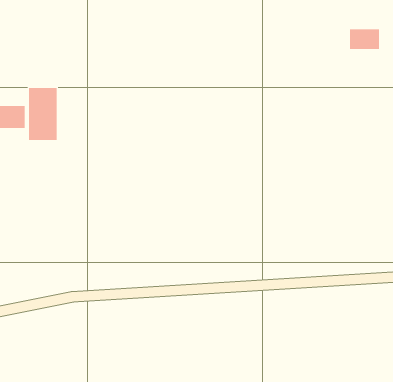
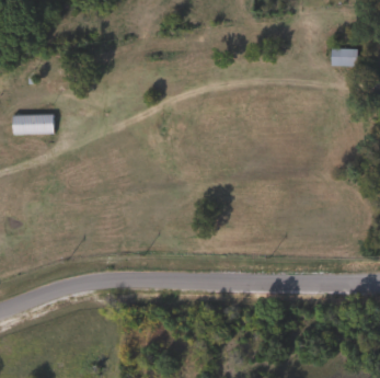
building: [28,87,57,141] -> none

